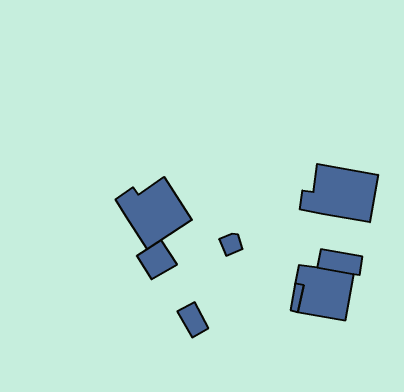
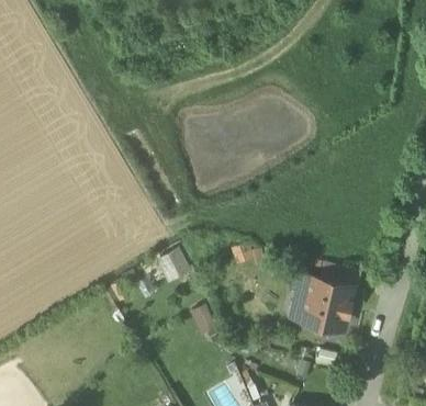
building: [300,164,378,222] -> none
building: [116,177,192,249] -> none

